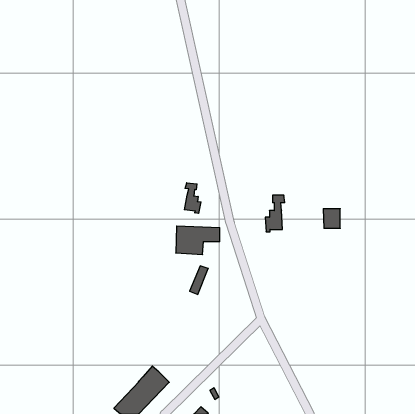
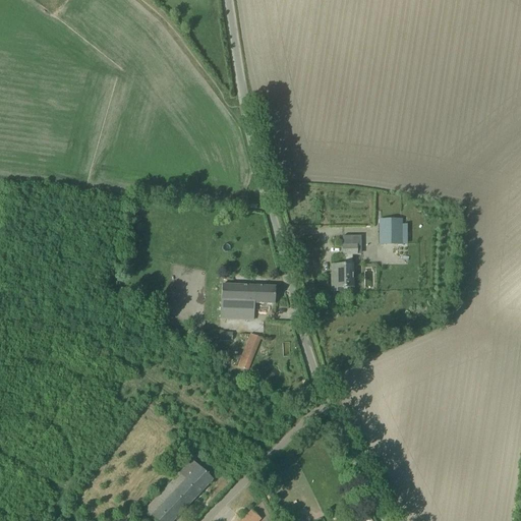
building: [184,183,201,213] -> none
building: [323,209,340,228] -> [380,219,401,243]

